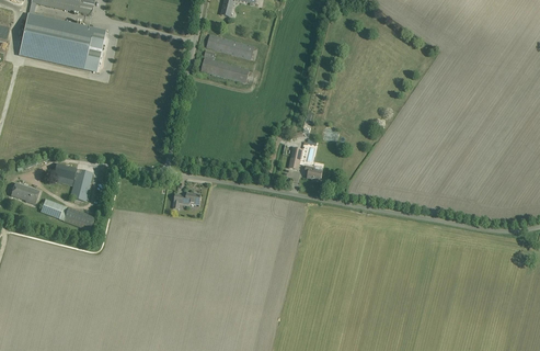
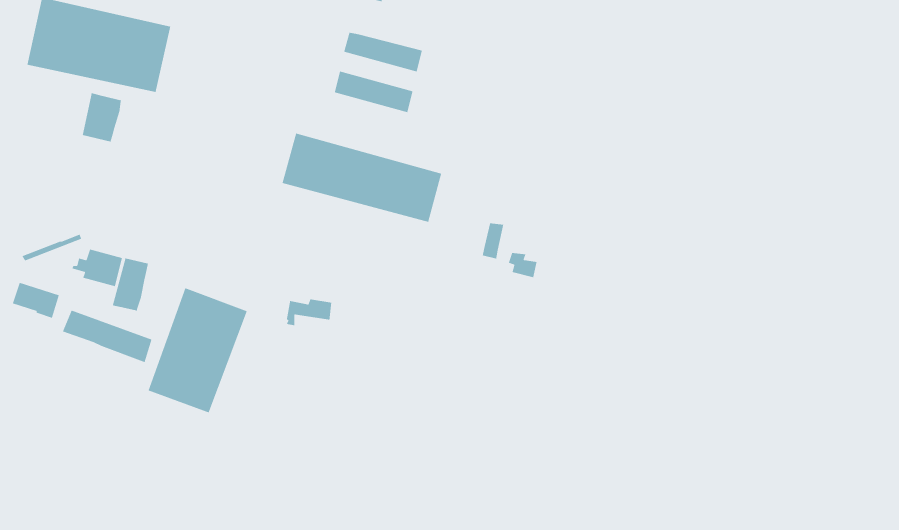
building: none -> [82,92,122,143]
building: none -> [281,133,442,223]
building: none -> [148,287,248,414]

